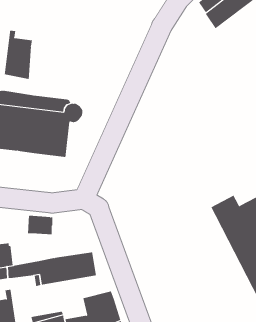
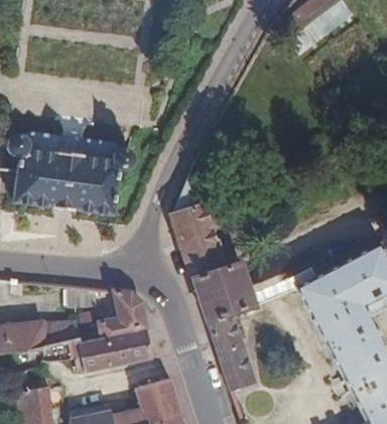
building: [4,30,33,80] -> none
building: none -> [173,168,257,391]
building: none -> [99,289,148,338]
building: none -> [46,319,81,348]

